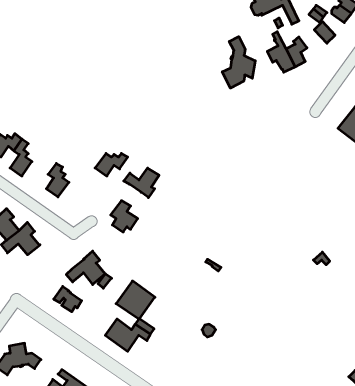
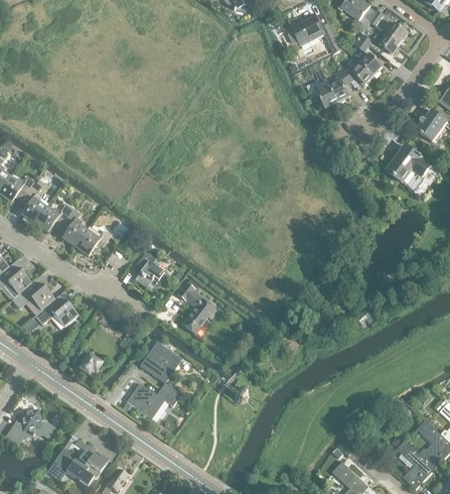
building: none -> [341,59,372,84]
building: [222,37,255,88] -> none
building: [95,153,128,176] -> [73,230,110,255]
building: none -> [33,203,71,232]
building: [124,168,159,198] -> none
building: none -> [176,281,214,333]
building: [66,251,105,285] -> [33,290,77,328]

